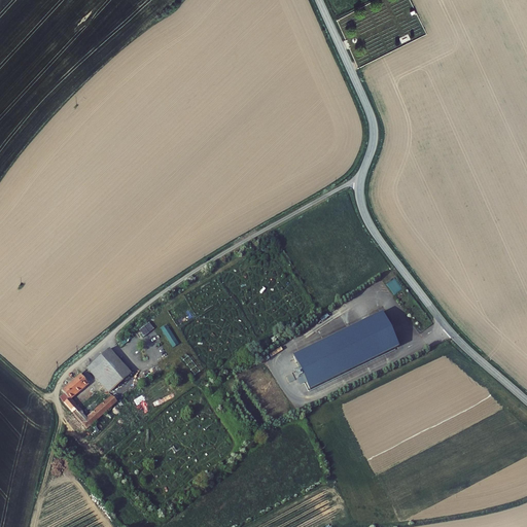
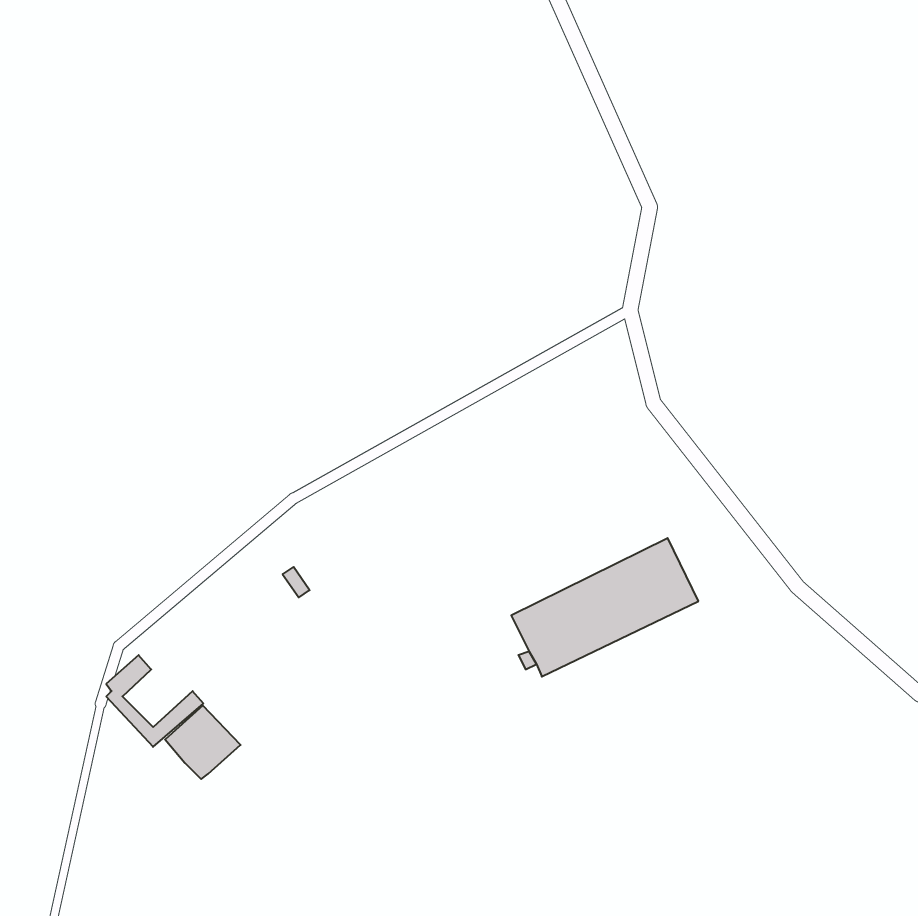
building: [89,348,132,390] -> [165,705,241,779]

